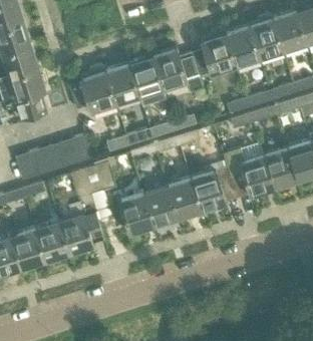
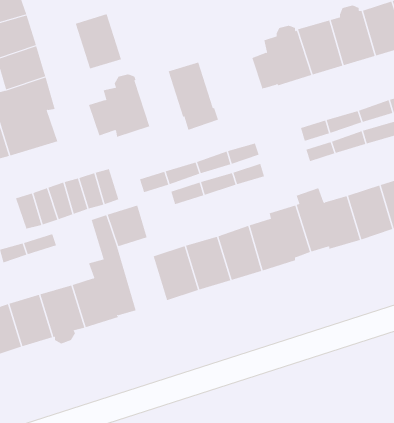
building: [150,48,203,95] -> none
building: [103,63,138,104] -> [75,14,122,69]

